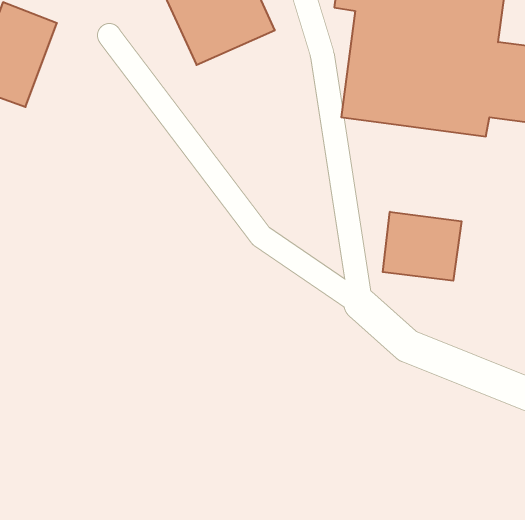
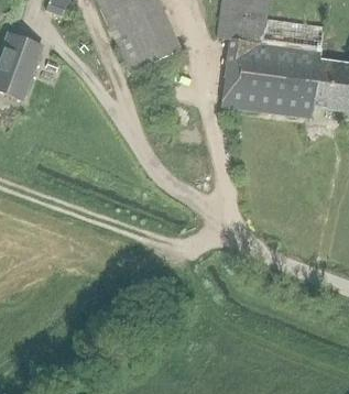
building: [383,212,462,281] -> none

